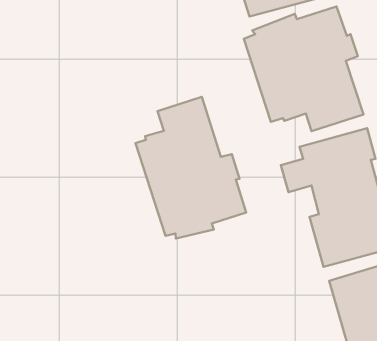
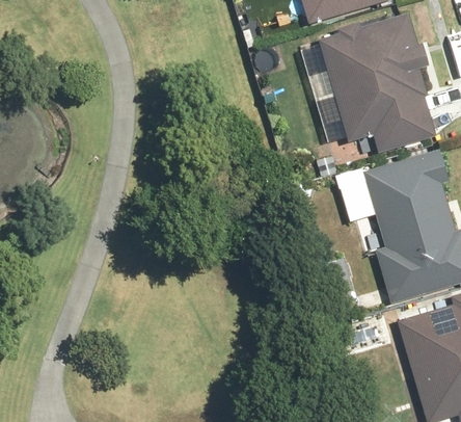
building: [135,97,246,239] -> none

